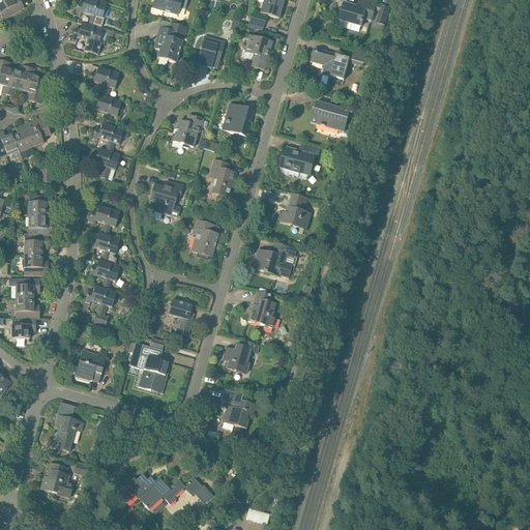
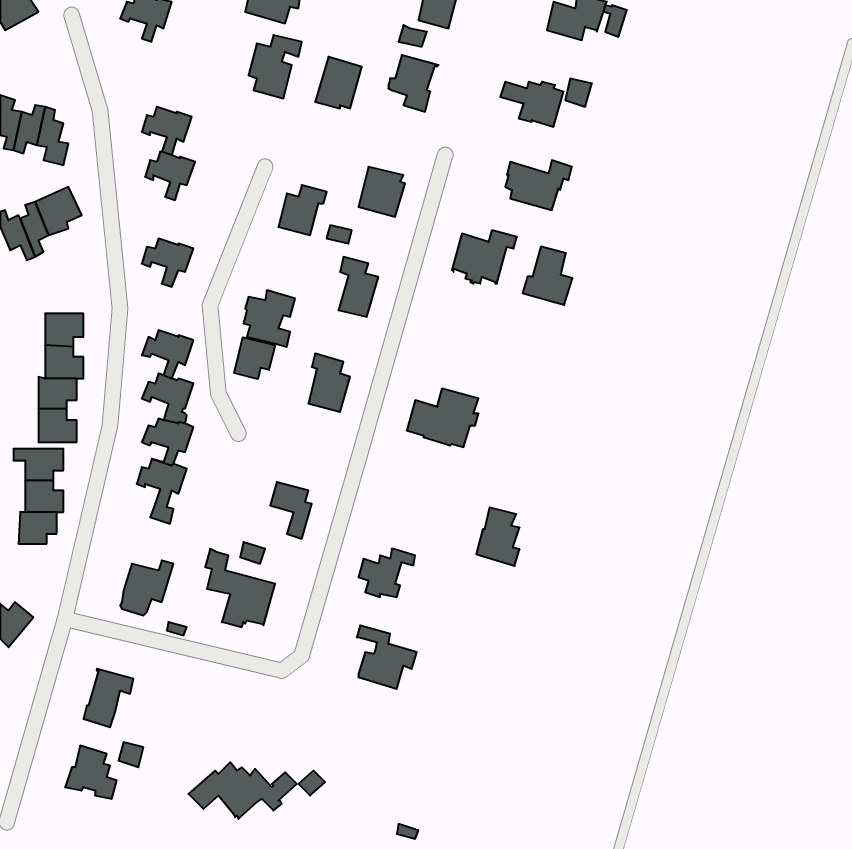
building: [71,22,104,55] -> none
building: [92,122,123,152] -> none
building: [281,193,312,229] -> [523,247,573,305]
building: none -> [234,337,275,379]
building: [248,291,275,327] -> [476,507,520,566]

